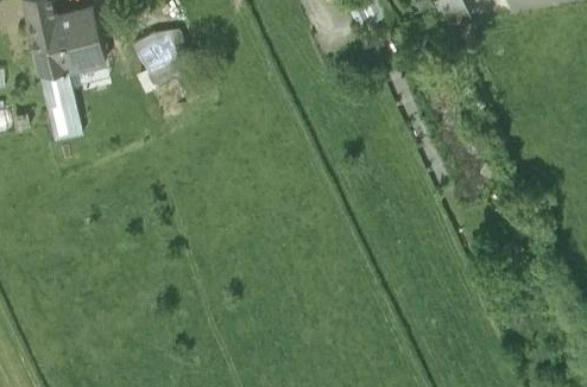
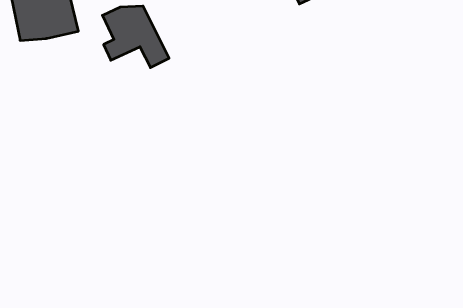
building: [39,71,83,141] -> none

